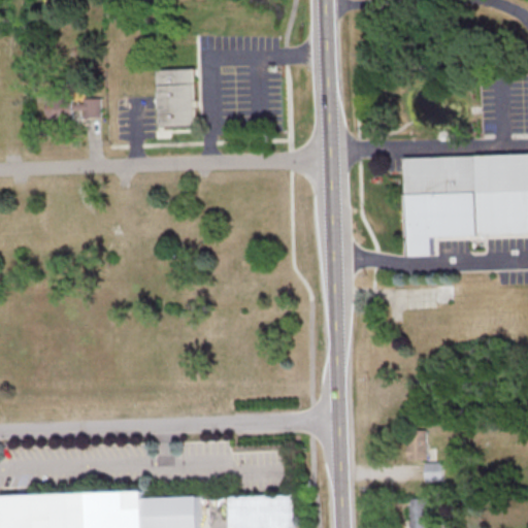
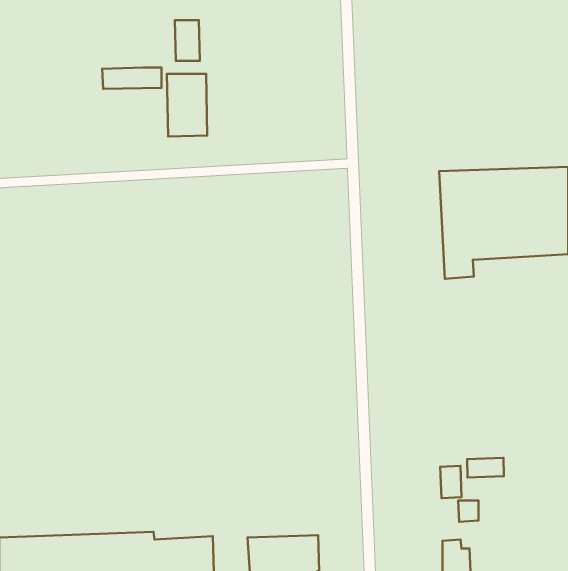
building: none -> [175,20,200,61]
building: [43,99,98,119] -> [102,68,162,89]
building: none -> [467,458,504,477]

